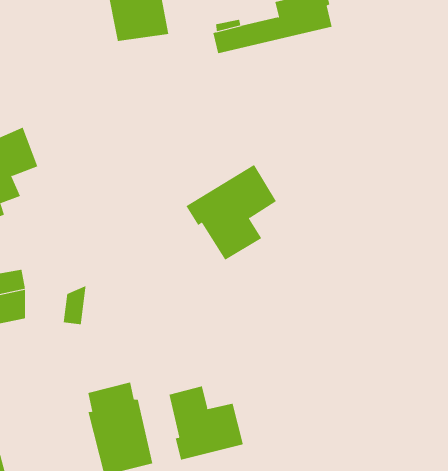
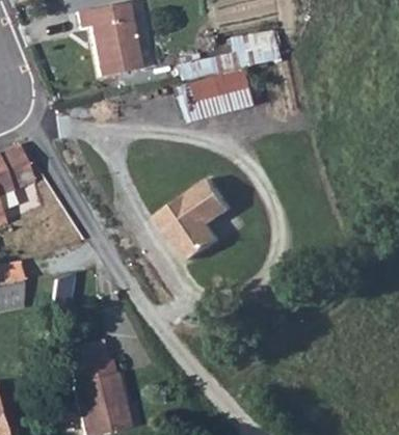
building: none -> [179,71,249,119]
building: [169,386,244,460] -> none

